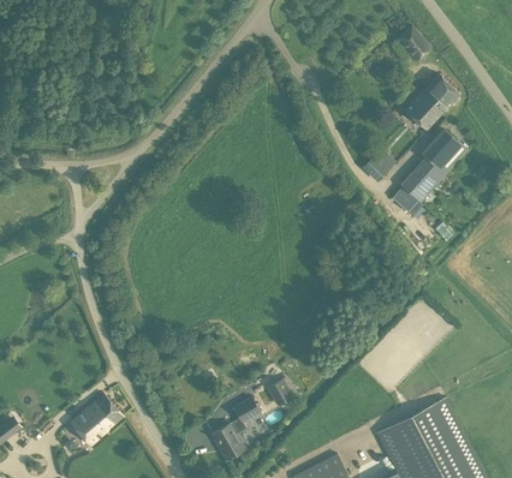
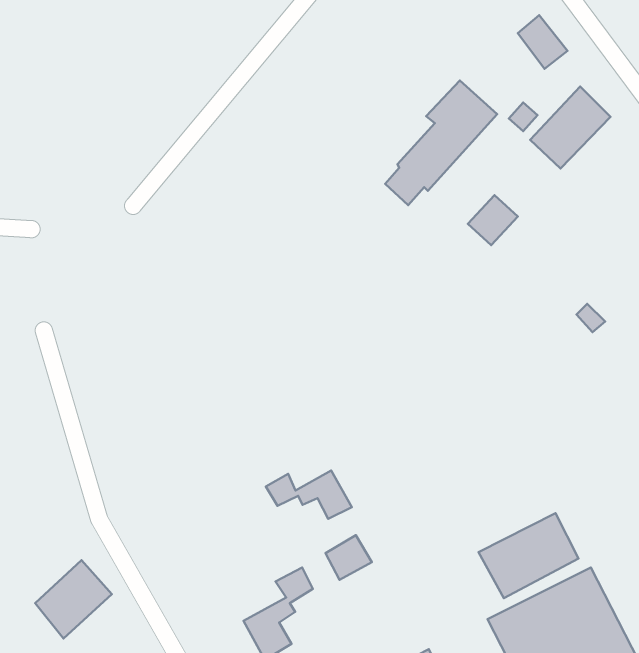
building: [391,129,466,213] -> [385,80,497,205]
building: none -> [266,470,352,519]
building: none -> [478,513,579,598]

